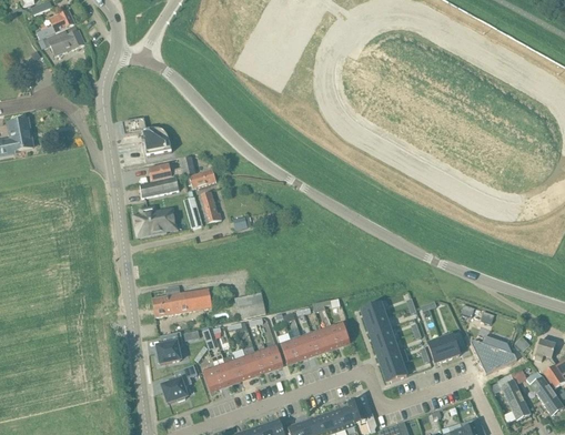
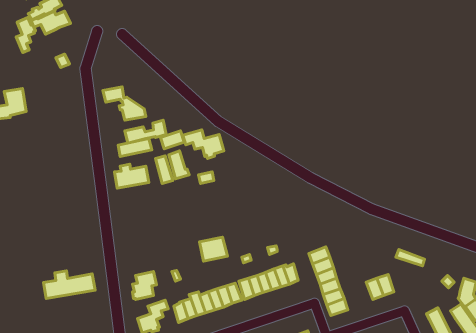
building: none -> [16,17,36,52]
building: none -> [183,130,224,158]
building: [152,284,212,316] -> [43,271,95,299]
building: [471,334,517,374] -> none

